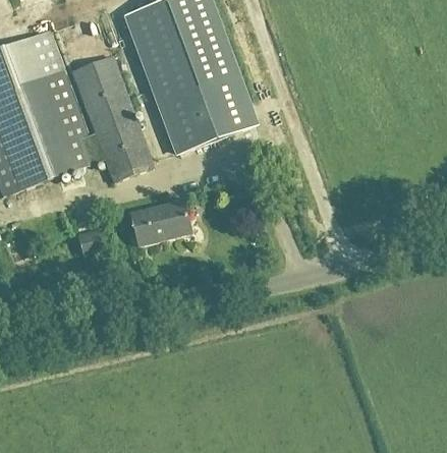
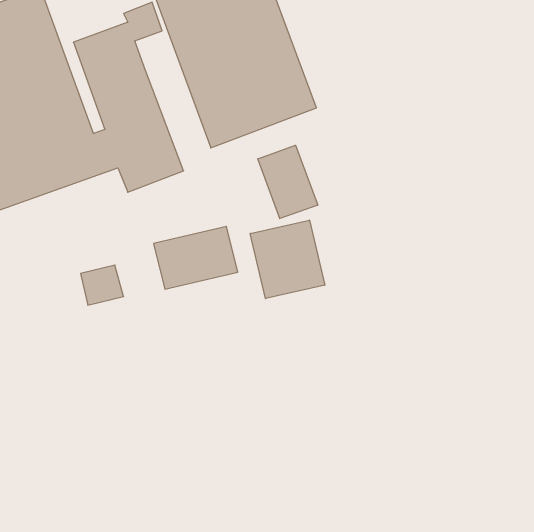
building: none -> [258,145,318,219]
building: none -> [250,220,325,299]

